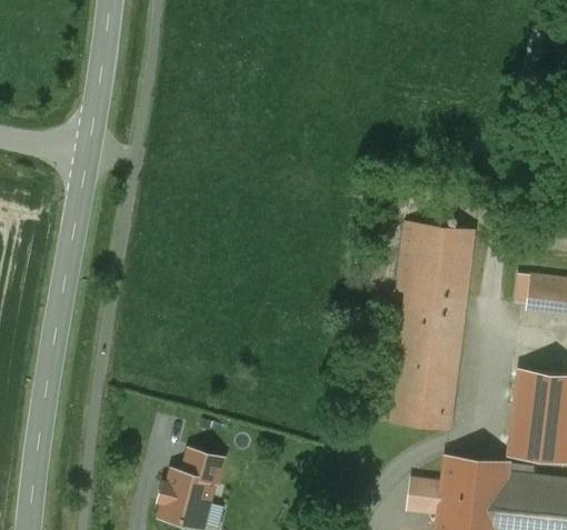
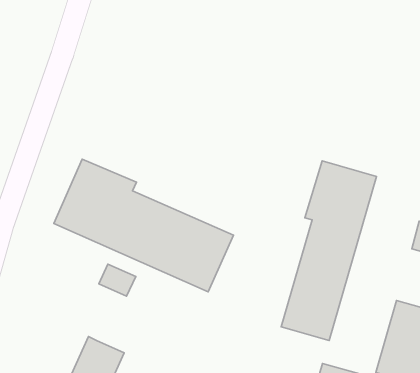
building: none -> [54,159,233,292]
building: [180,449,221,482] -> [99,264,136,296]

